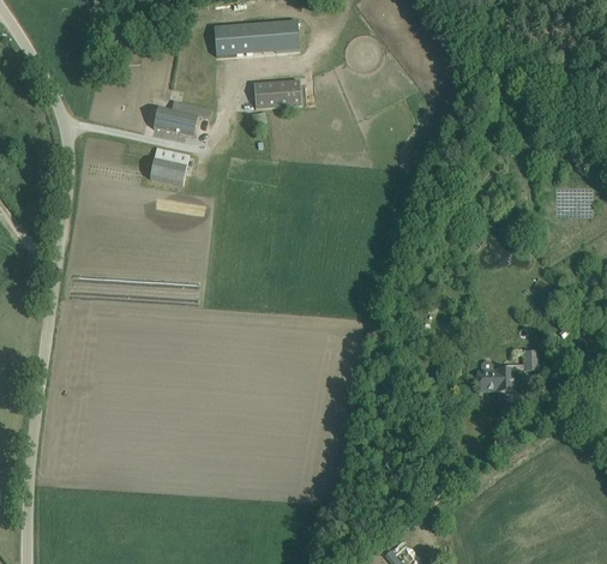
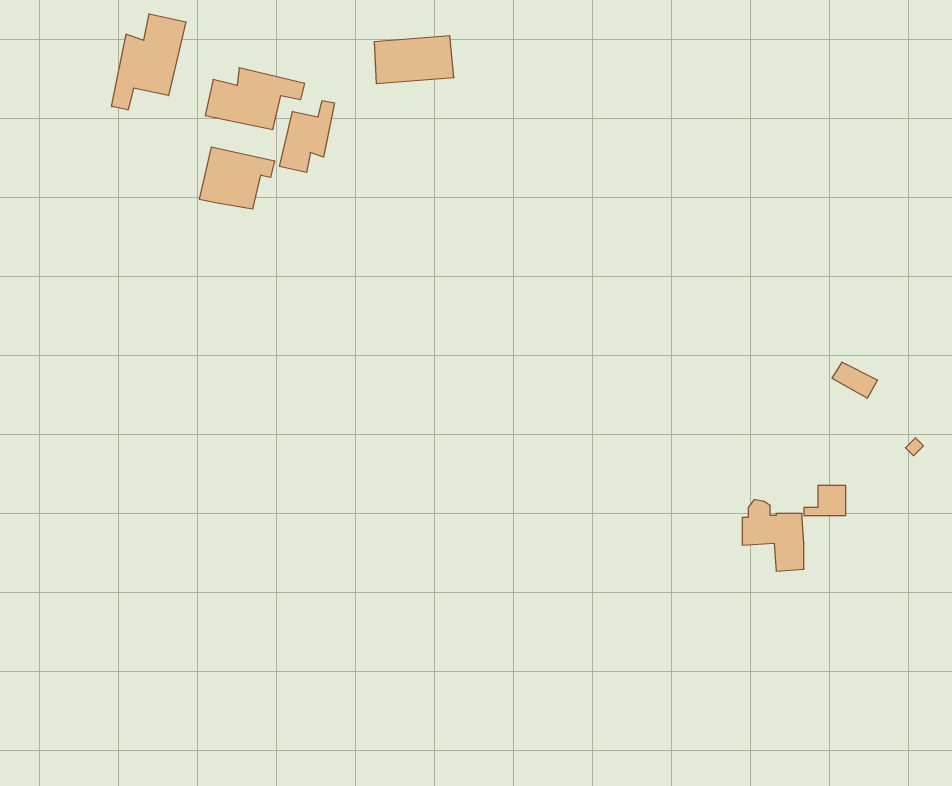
building: none -> [112,14,186,110]
building: none -> [279,101,334,172]

